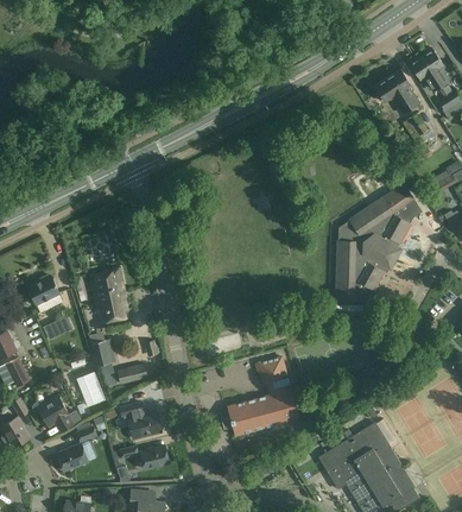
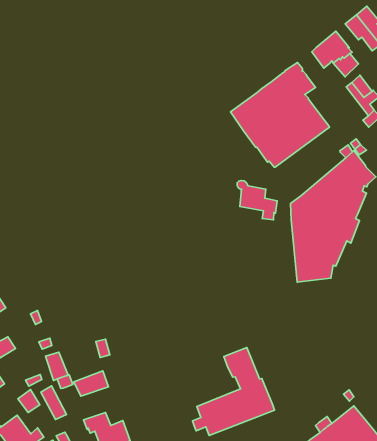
building: none -> [230,63,329,167]
building: none -> [237,181,277,220]
building: [91,267,131,322] -> none

